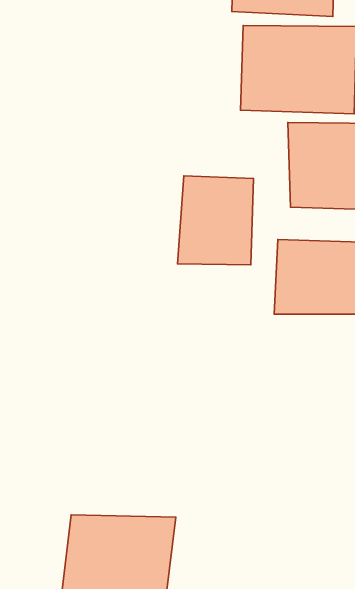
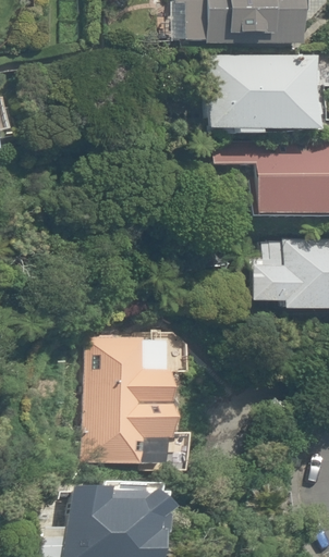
building: [177,176,253,265] -> none
building: none -> [98,337,178,463]

